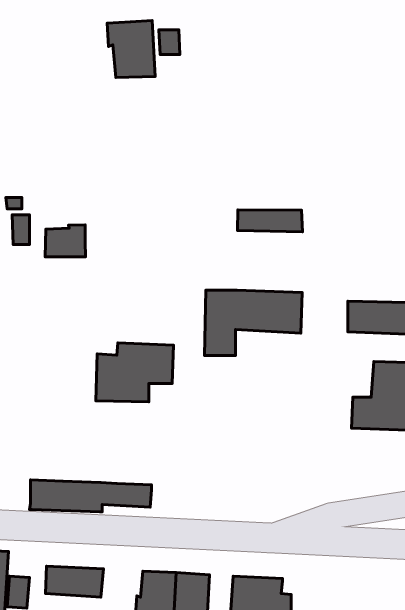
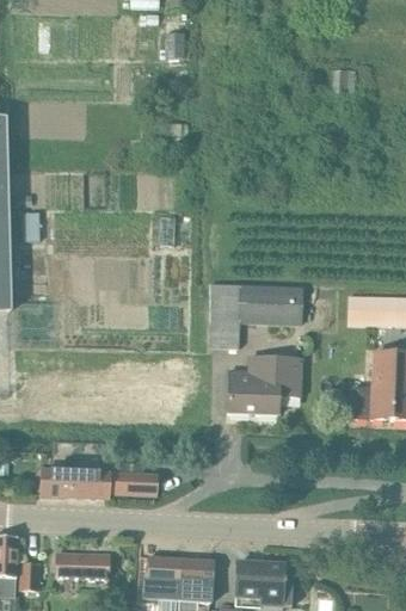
building: [107,21,155,78] -> none
building: [237,210,302,232] -> none
building: [45,225,85,257] -> none
building: [96,343,174,402] -> [228,357,303,414]

